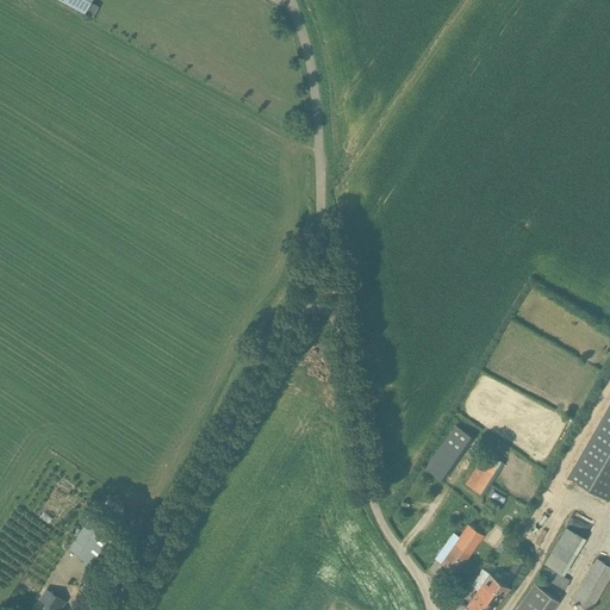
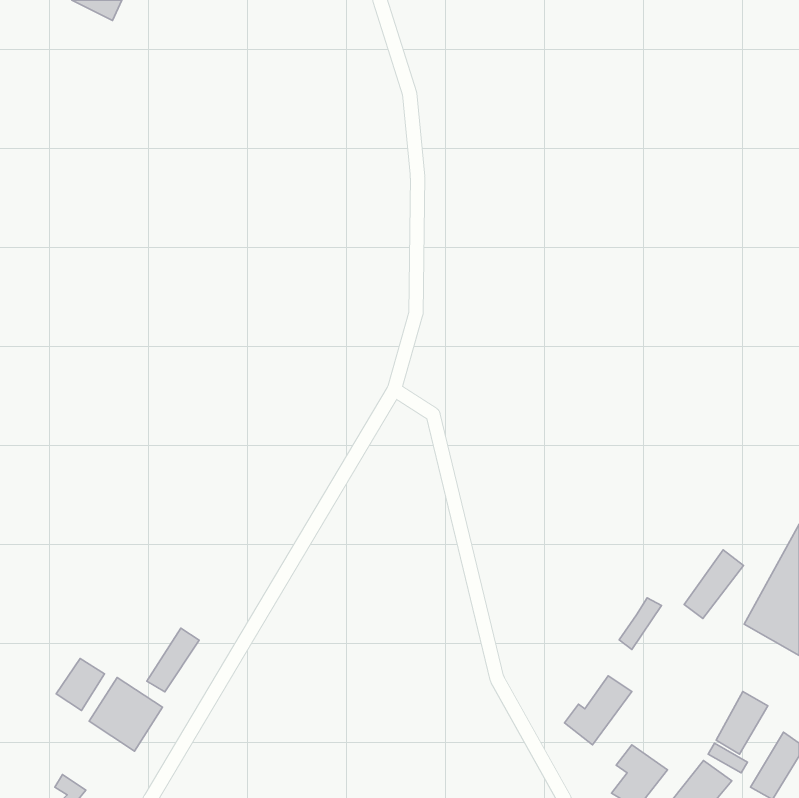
building: [428,428,473,480] -> [684,550,743,619]
building: none -> [147,628,199,692]
building: none -> [56,659,104,710]

